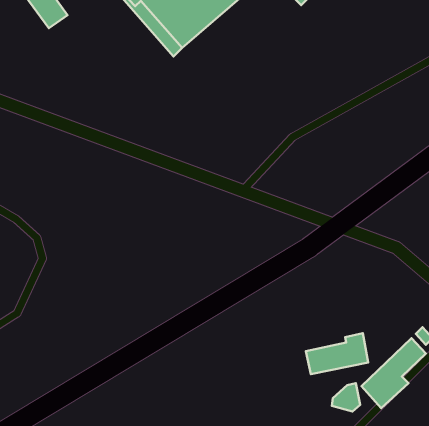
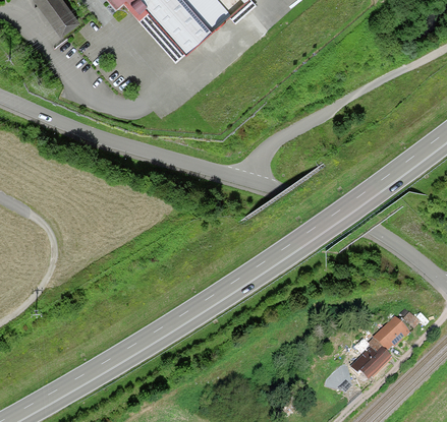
building: [306,333,368,374] -> none

